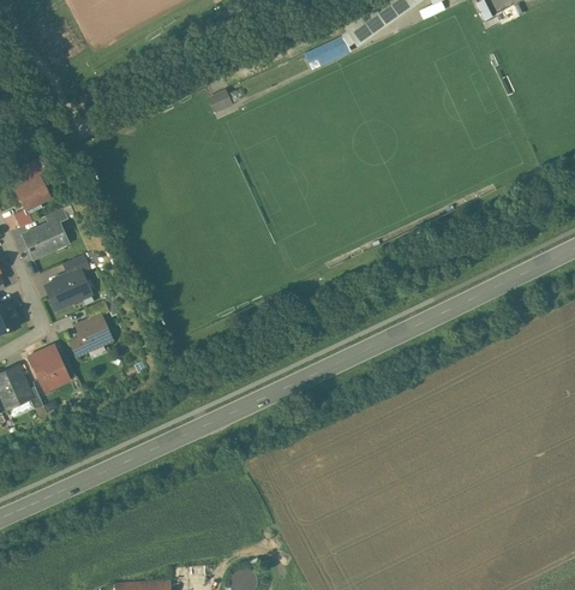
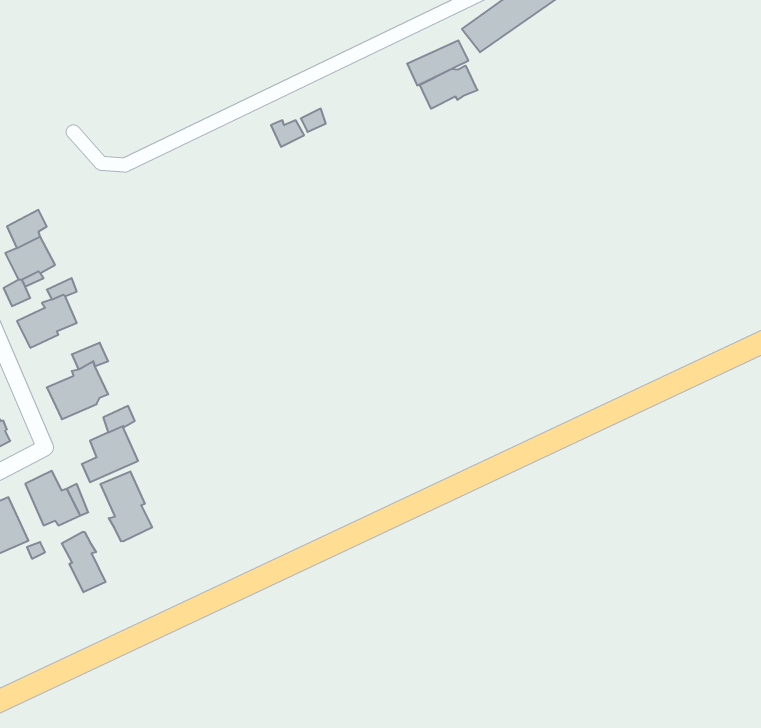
building: none -> [420,66,478,109]
building: none -> [100,471,152,541]
building: none -> [62,532,106,592]

